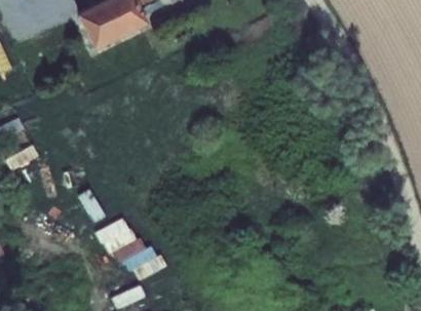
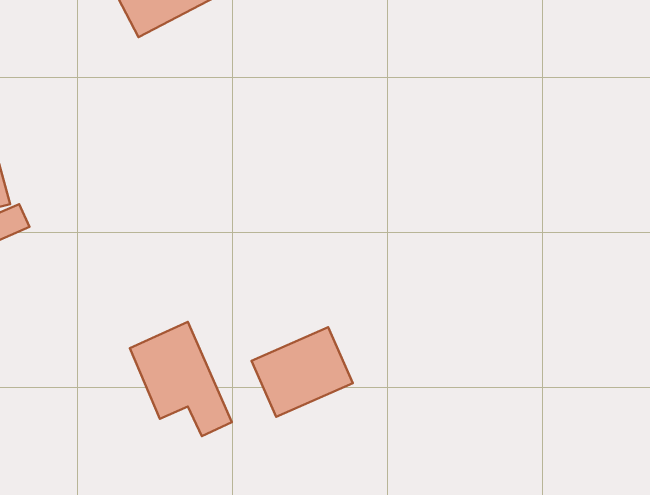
building: none -> [251,327,353,417]

